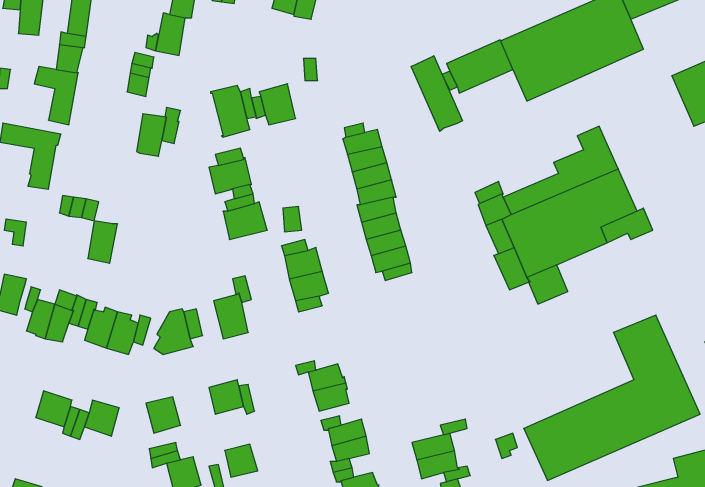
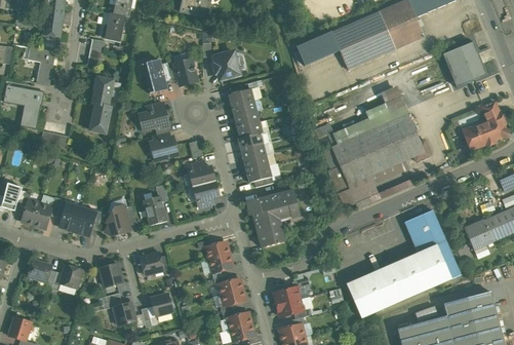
building: [411,56,462,131] -> none
building: none -> [213,51,239,79]
building: [88,221,118,263] -> [91,104,111,131]
building: none -> [246,189,300,246]

